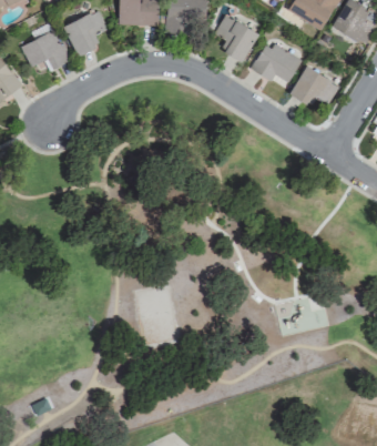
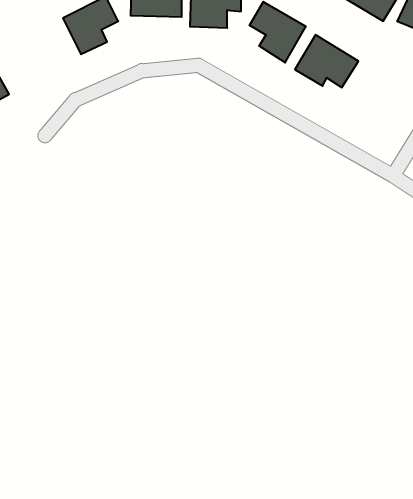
building: [21,23,70,71] -> none
building: [291,67,340,107] -> none

